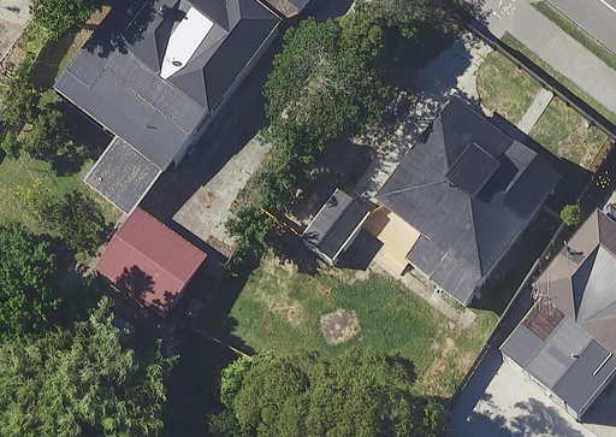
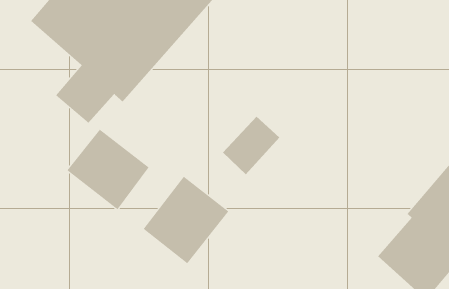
building: [387,105,526,307] -> none
building: none -> [143,176,229,264]

